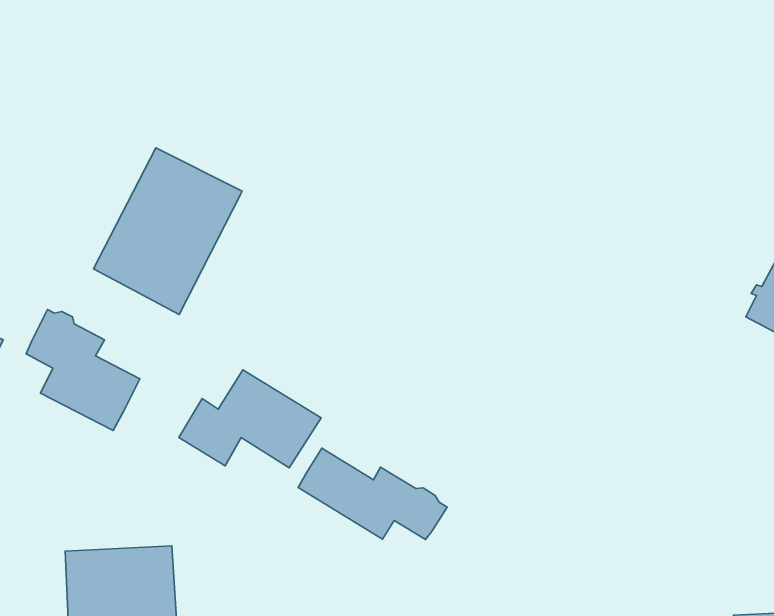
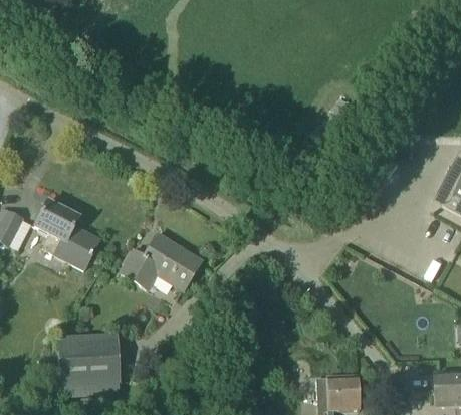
building: [94,148,242,314] -> none
building: [298,448,447,539] -> none

